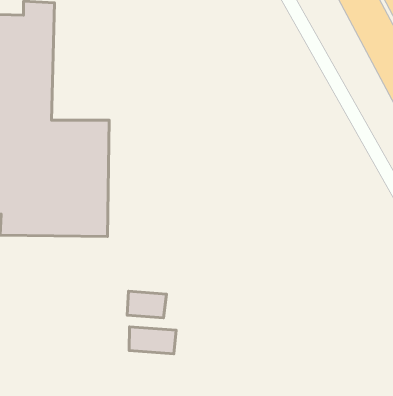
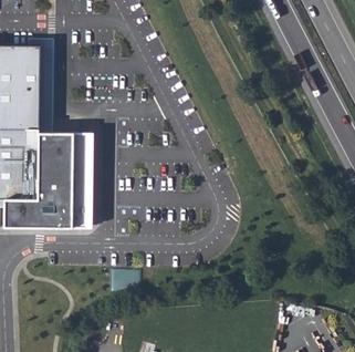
building: [129,327,176,354] -> none

